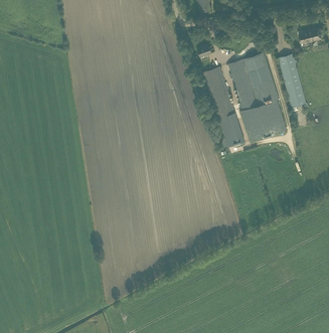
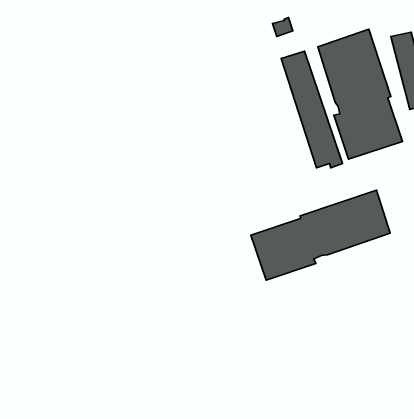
building: none -> [251,190,390,280]

